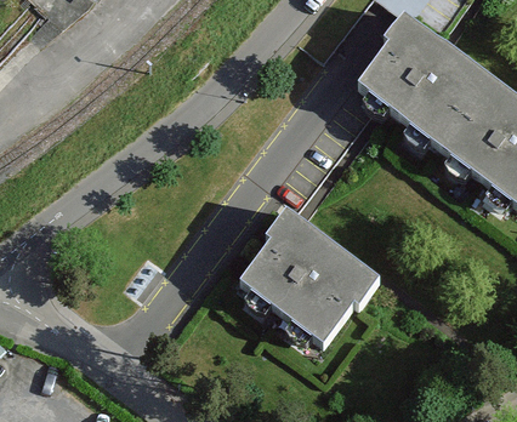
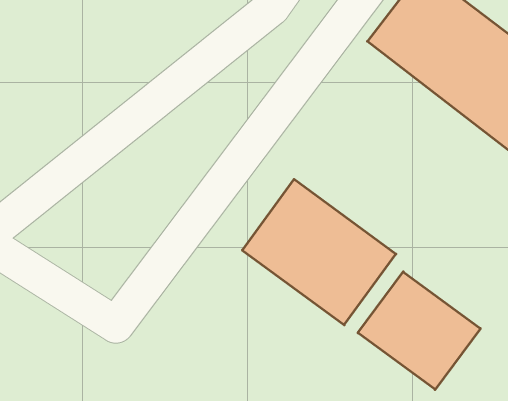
building: none -> [358,272,480,390]

